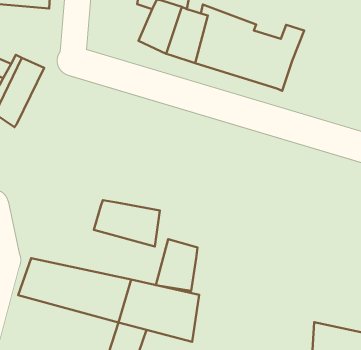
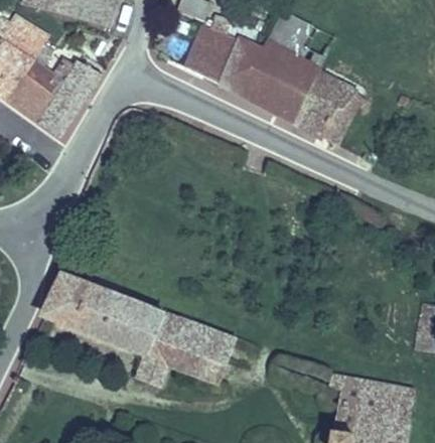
building: [94,200,160,246] -> none
building: [156,239,198,291] -> none

